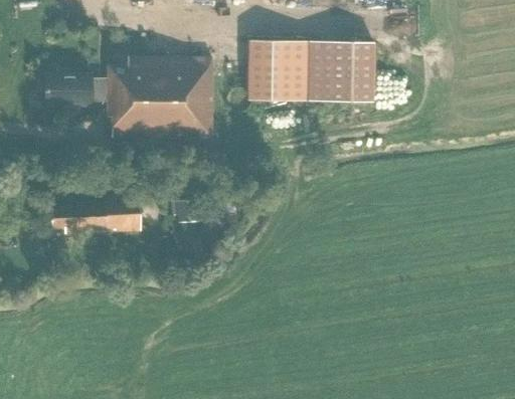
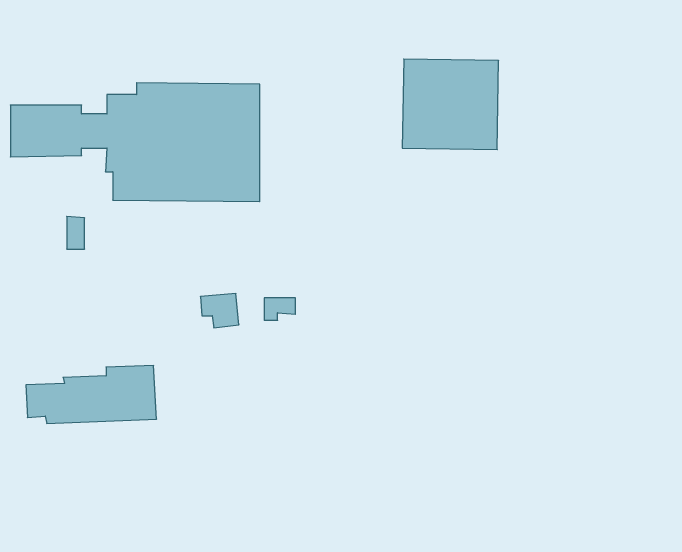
building: [249,41,309,101] -> none
building: [53,195,142,234] -> [26,366,157,423]

